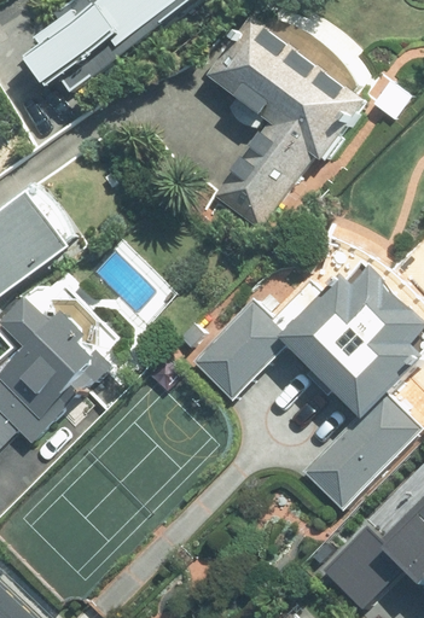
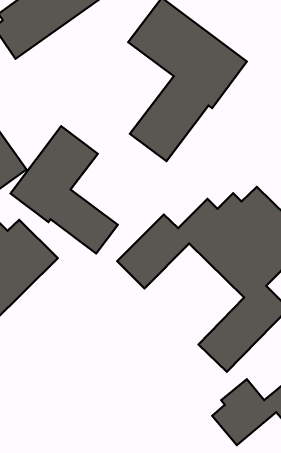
building: none -> [11,126,118,254]

